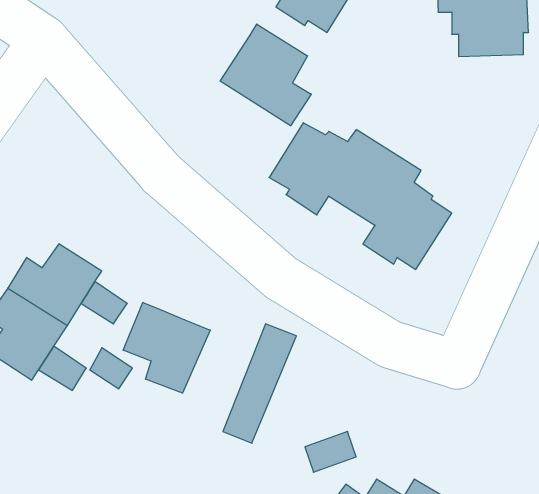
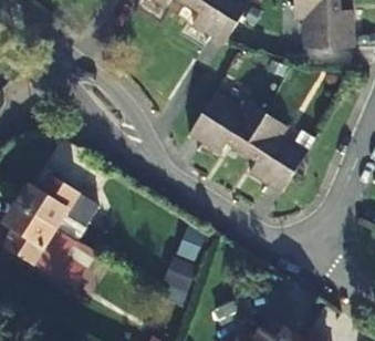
building: [220,24,311,126] -> none
building: [123,302,210,393] -> none

